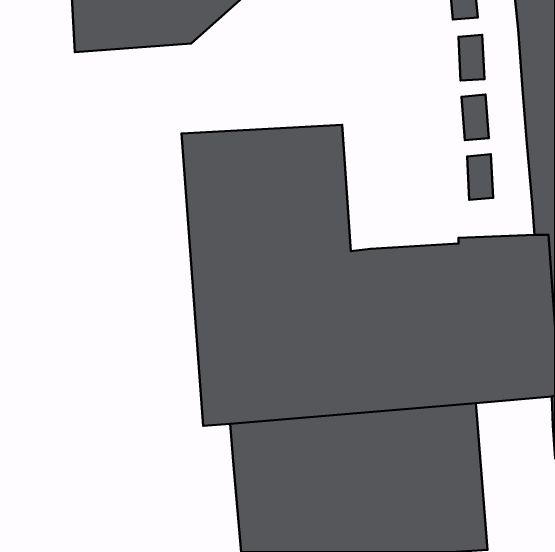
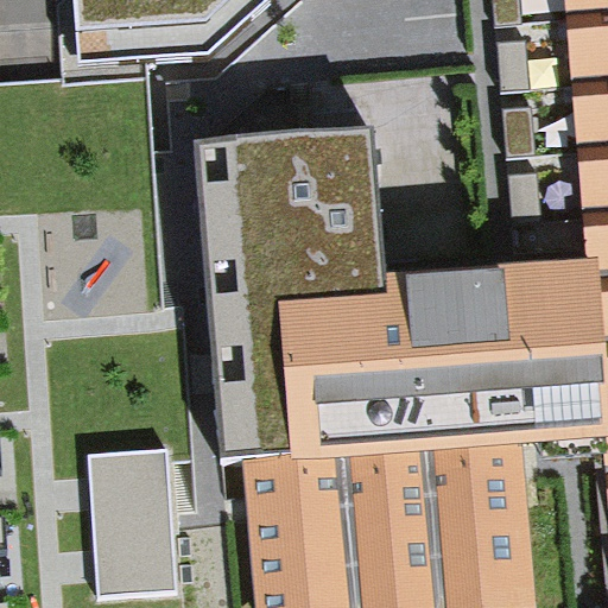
building: none -> [91,448,176,590]

